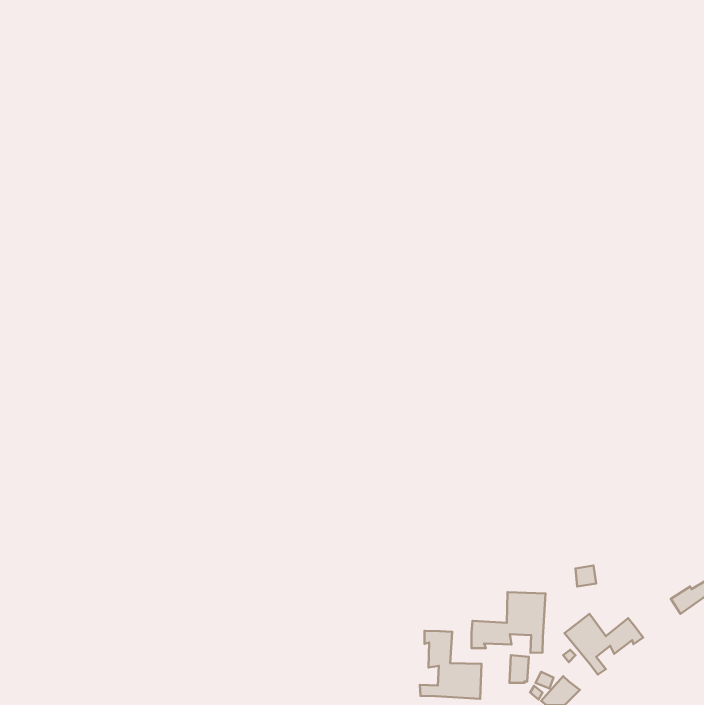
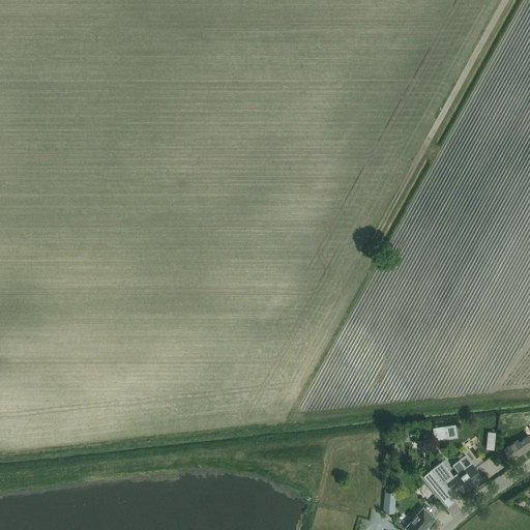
building: [471,592,546,653] -> none
building: [420,631,482,699] -> none

